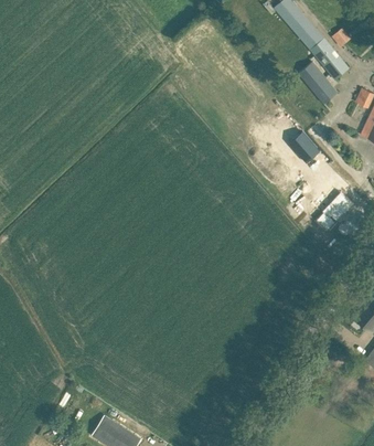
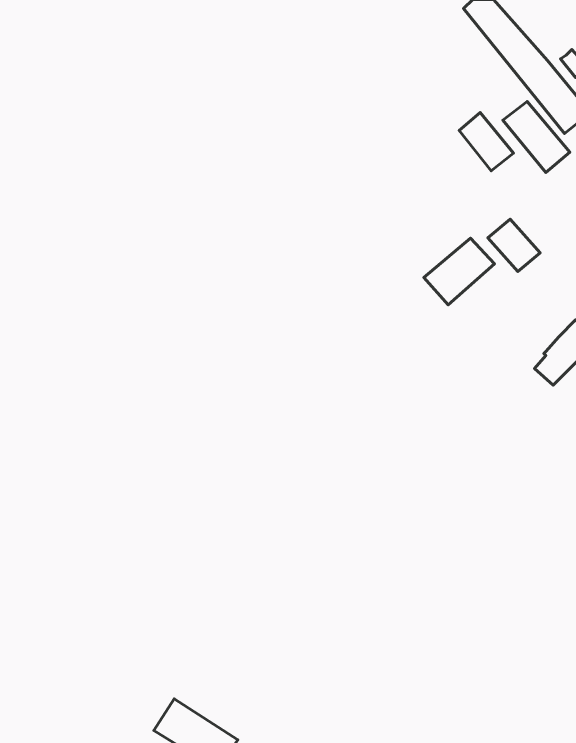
building: none -> [459,113,513,171]
building: none -> [424,238,494,305]

